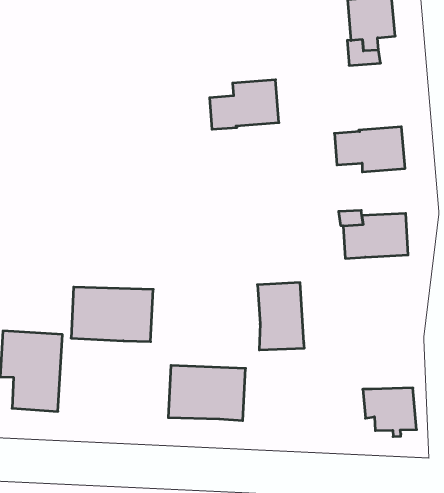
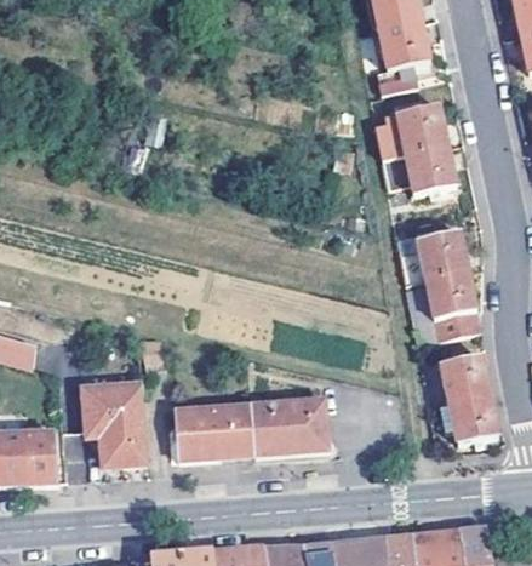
building: [210,80,279,129] -> [376,103,446,159]
building: [257,283,304,350] -> [427,268,480,338]
building: [71,287,153,342] -> [173,404,254,461]
building: none -> [441,355,488,402]

